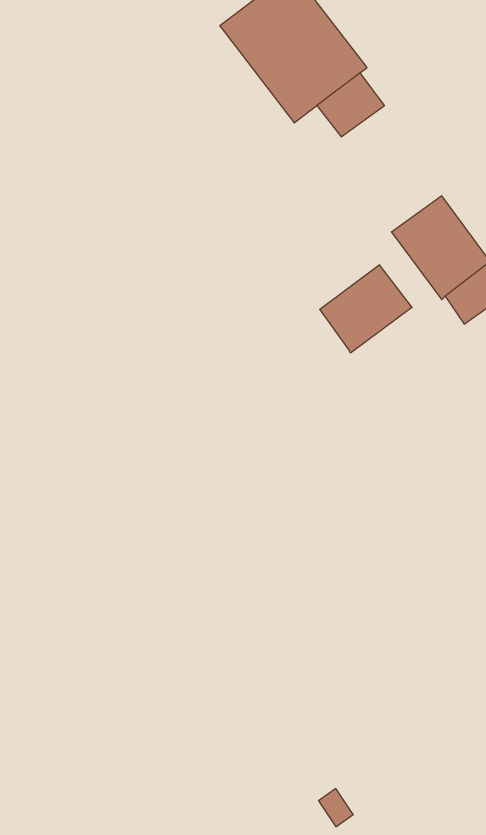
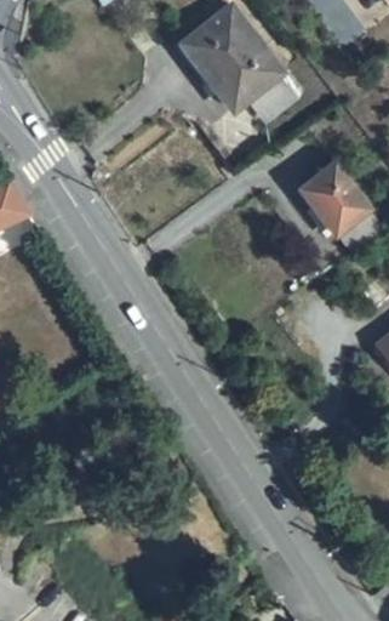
building: [320,265,412,353] -> none

